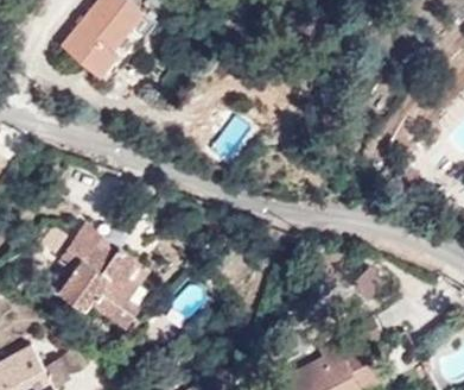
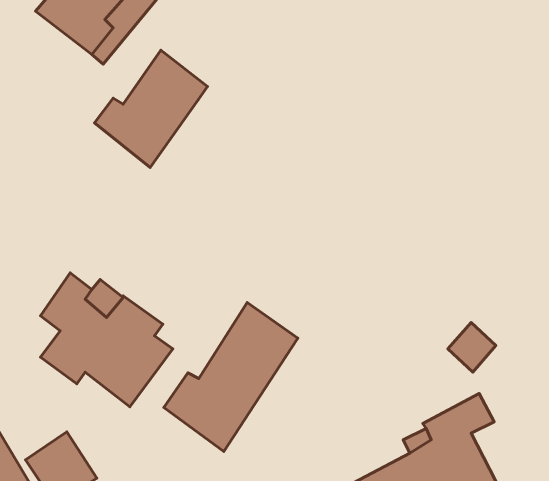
building: none -> [94,50,207,168]
building: none -> [164,303,298,451]

